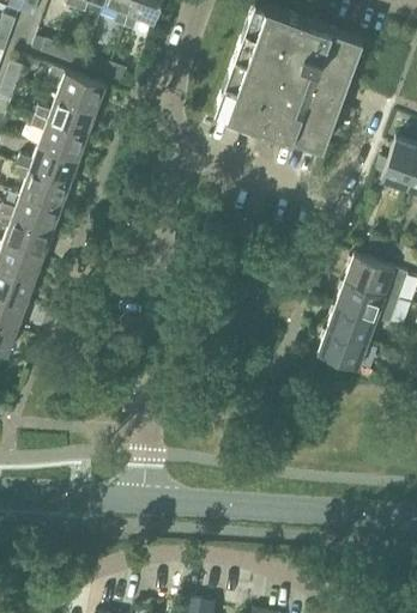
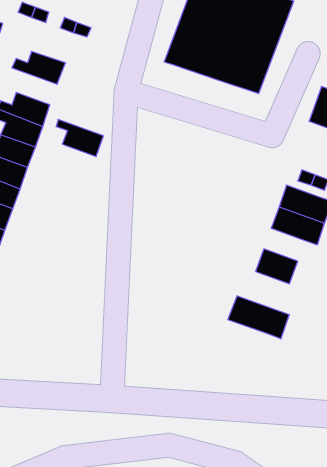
building: [50,67,107,111] -> none
building: [32,117,87,160] -> [56,119,103,156]
building: [328,304,376,342] -> none
building: none -> [228,296,289,339]

